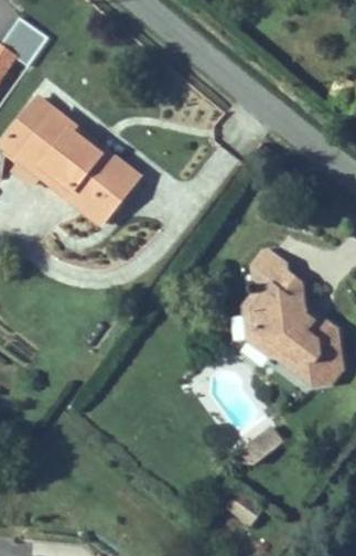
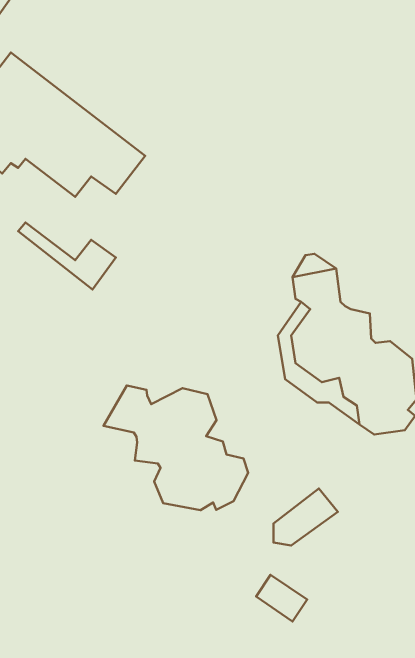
building: [43,175,117,226] -> [18,222,116,290]
building: none -> [104,386,248,510]

